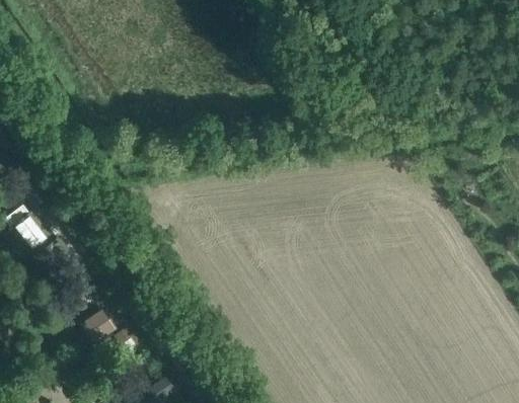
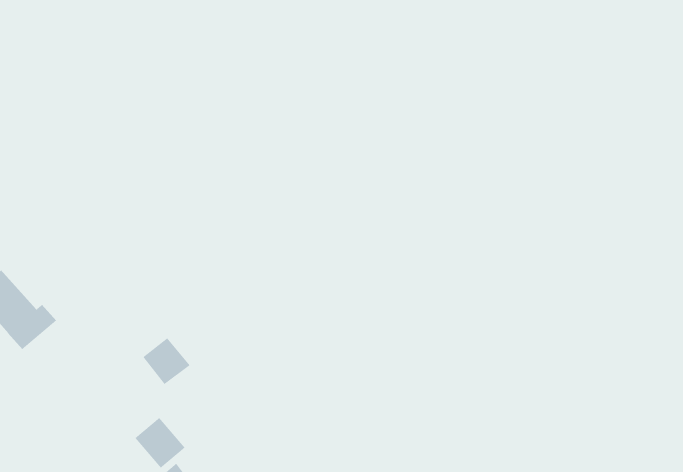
building: [84,308,117,340] -> [143,337,190,385]

